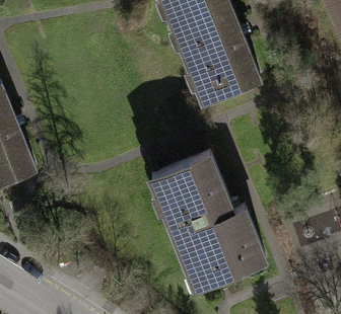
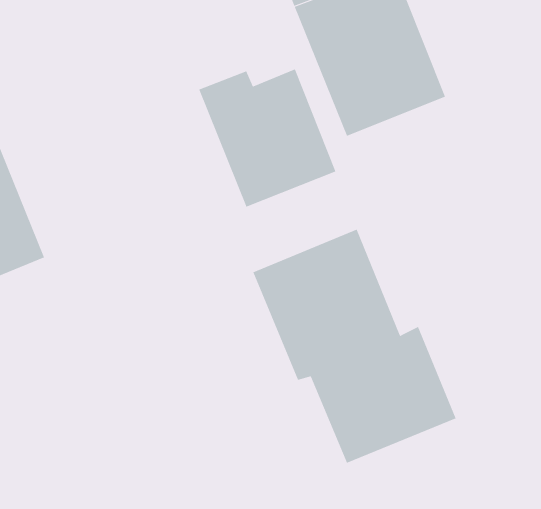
building: none -> [199,68,336,208]

